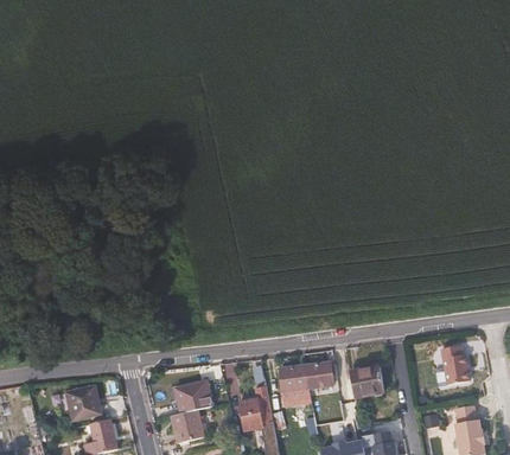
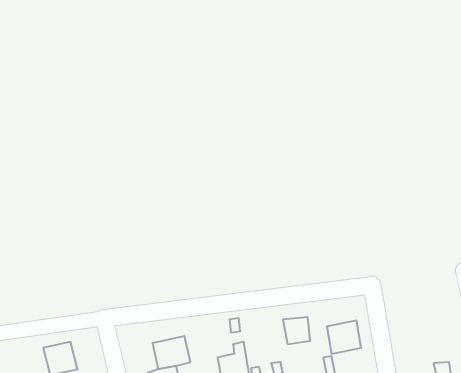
building: [439,346,468,385] -> none
building: [280,364,310,391] -> none

